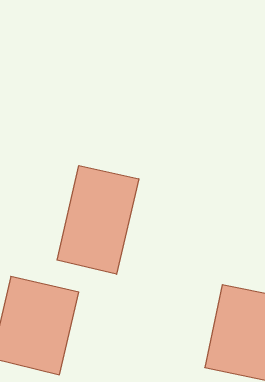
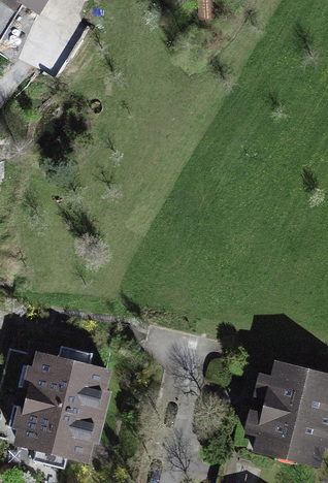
building: [57,166,139,274] -> none

